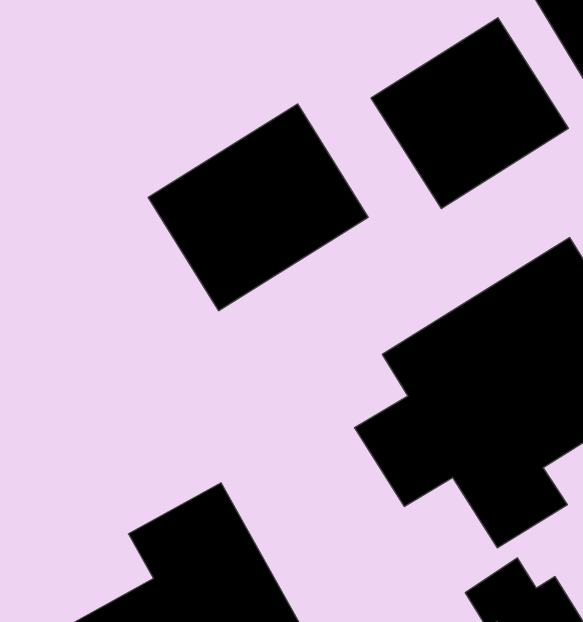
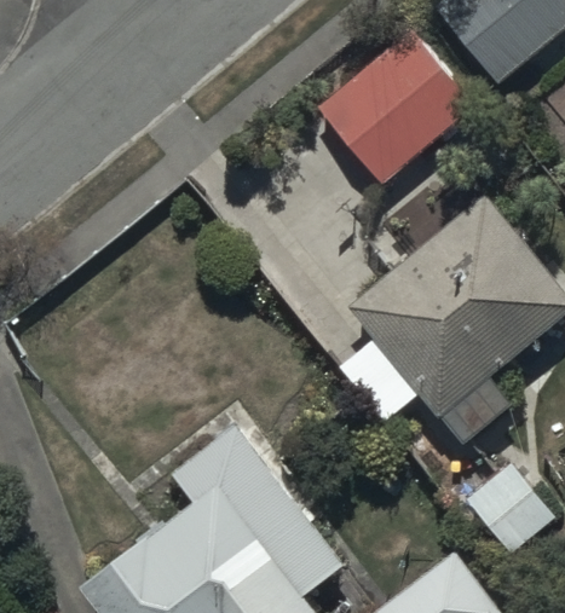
building: [148,104,368,311] -> none

